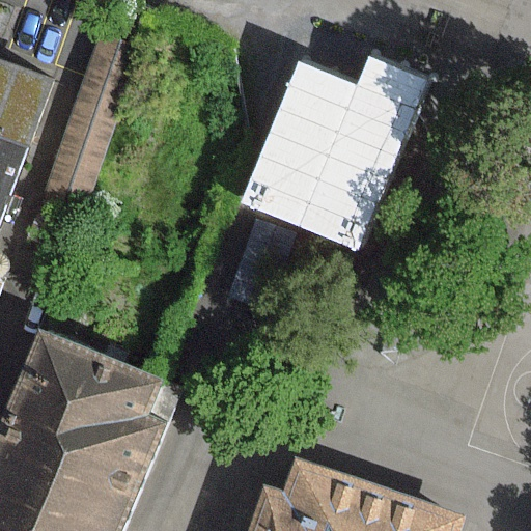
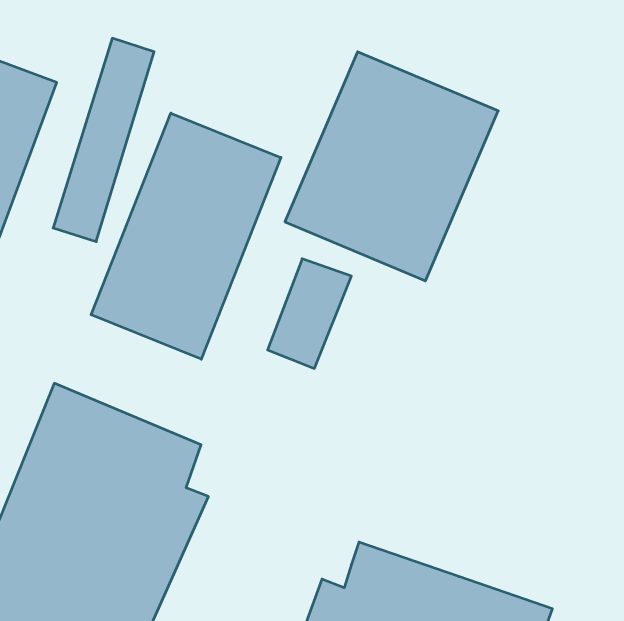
building: none -> [91,113,281,359]

